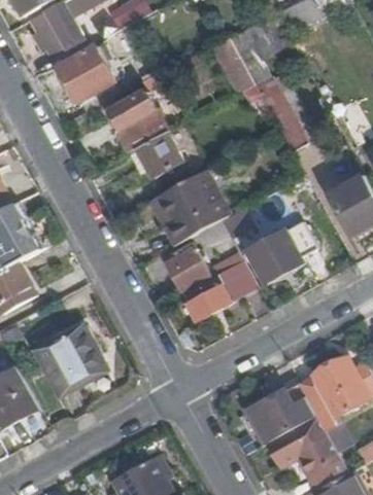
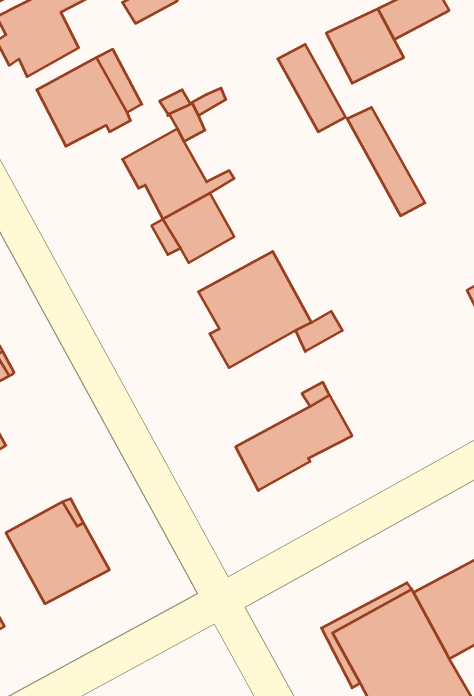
building: [251,221,317,282] -> none
building: [167,247,210,290] -> none

